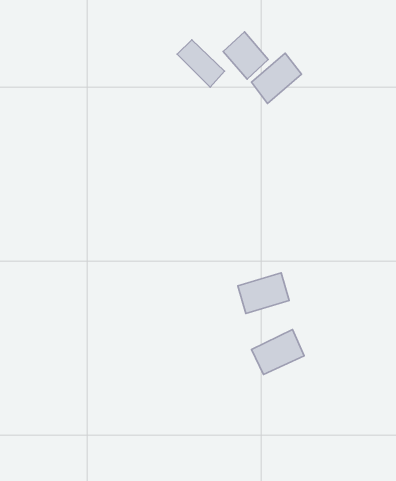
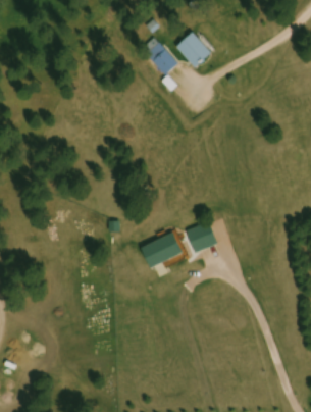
building: [251,53,301,103] -> none
building: [252,330,304,374] -> [142,233,183,267]

